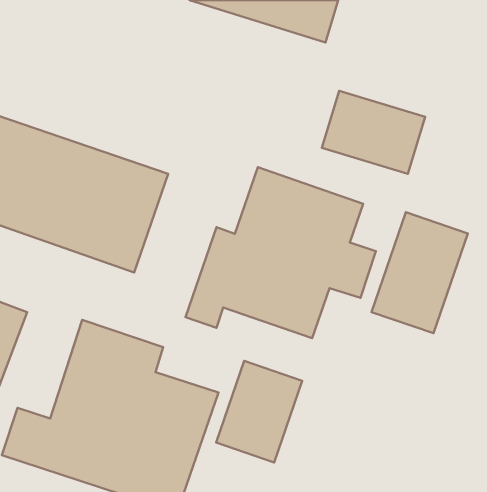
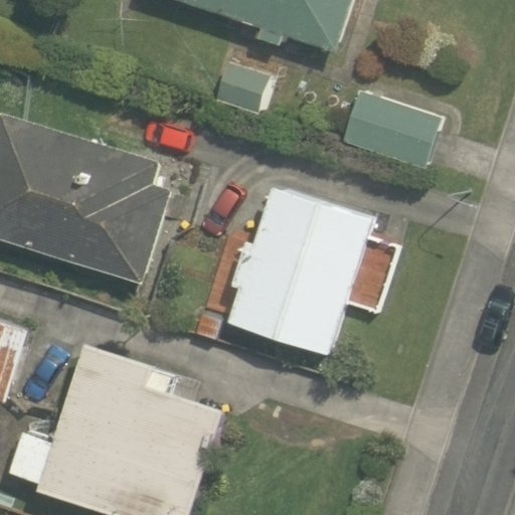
building: [372,212,468,333] -> none
building: [216,361,302,462] -> none

